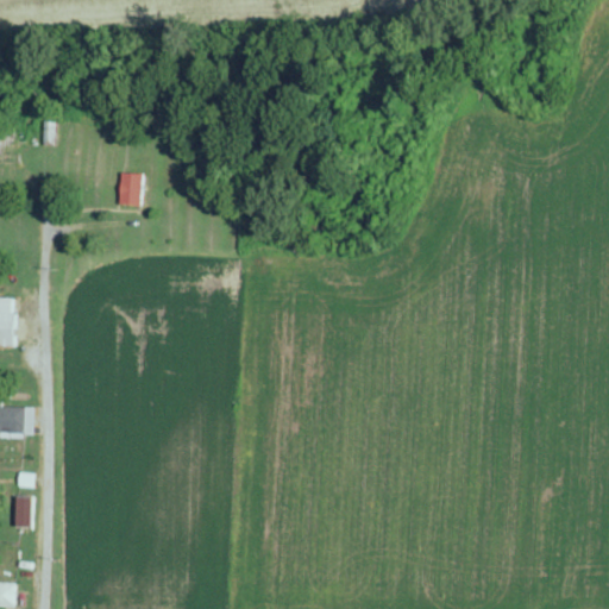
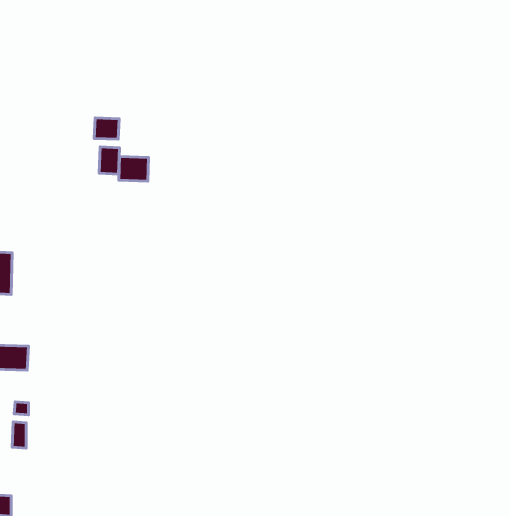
building: none -> [94,118,119,139]
building: none -> [119,156,148,181]

